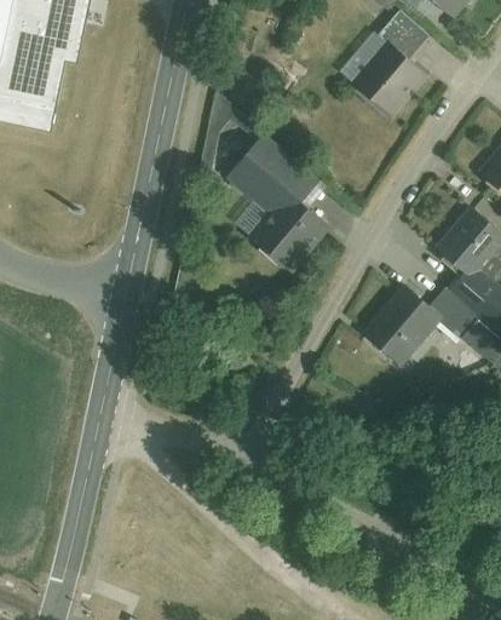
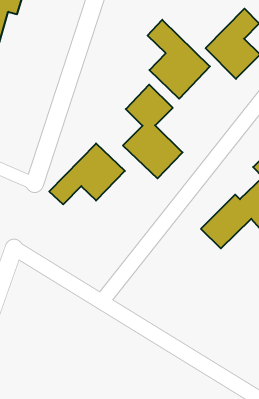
building: none -> [148,20,210,99]
building: none -> [49,143,125,204]

